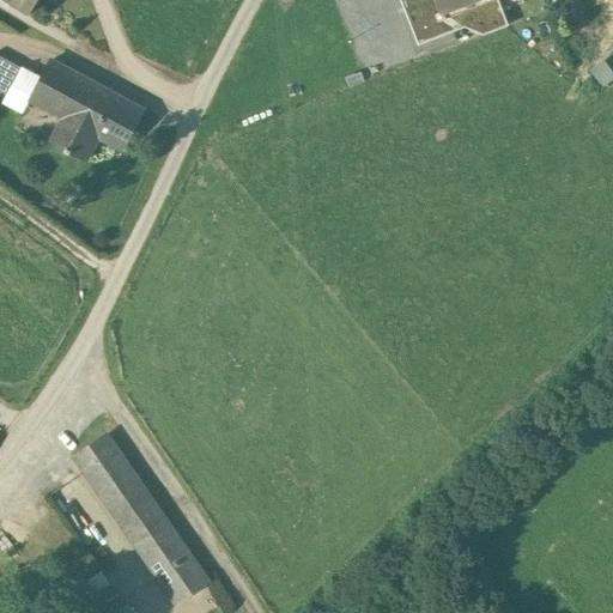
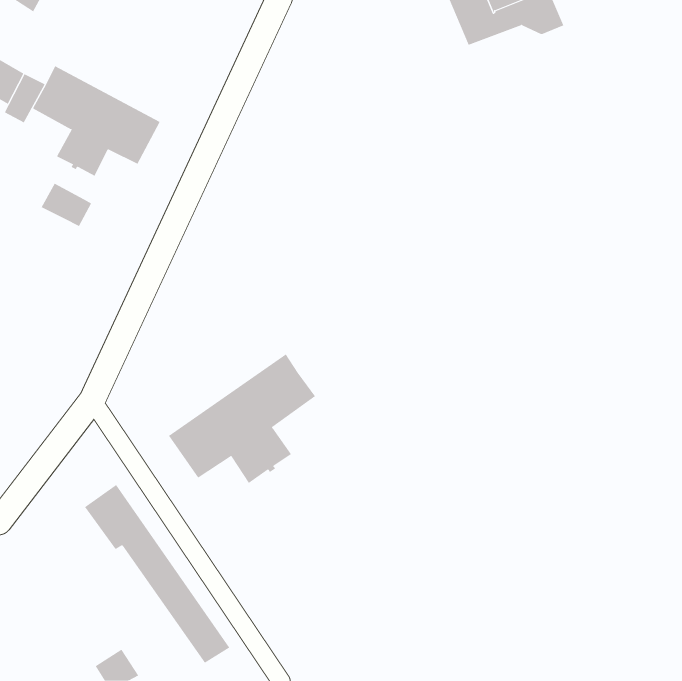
building: none -> [41,183,92,227]
building: none -> [168,354,316,484]

